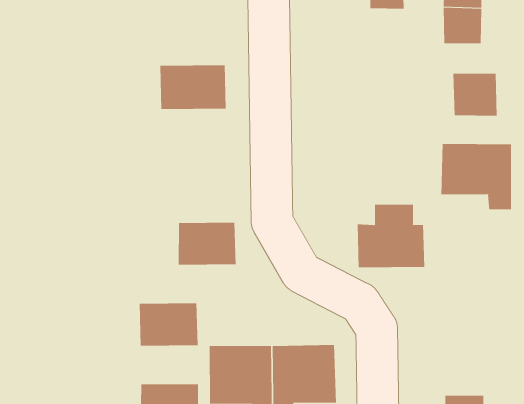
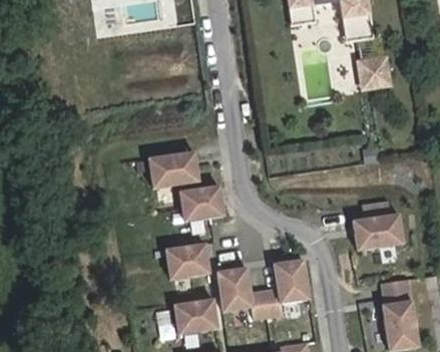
building: [159,65,226,110] -> [146,151,196,189]
building: [441,143,512,210] -> none
building: [357,204,425,268] -> [352,201,403,250]

